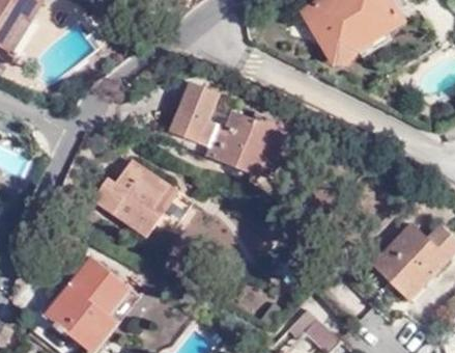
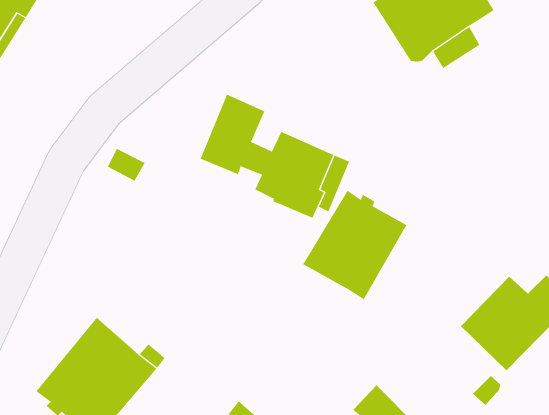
building: none -> [302,190,407,300]
building: [92,160,174,235] -> none

